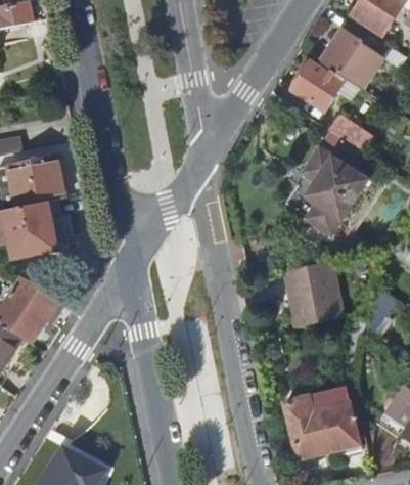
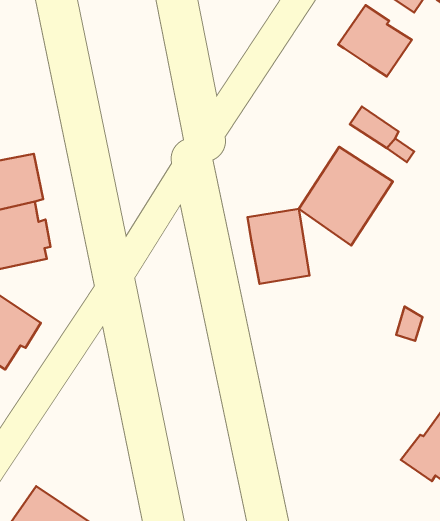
building: [292,61,346,111] -> none
building: [280,263,333,327] -> [248,209,309,284]
building: [285,389,360,458] -> none

